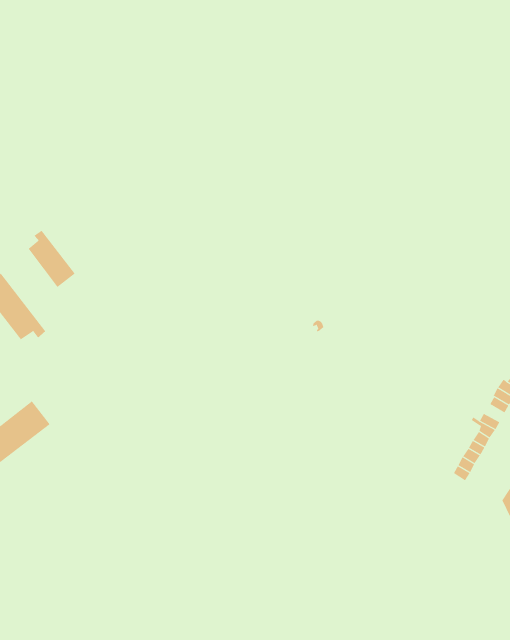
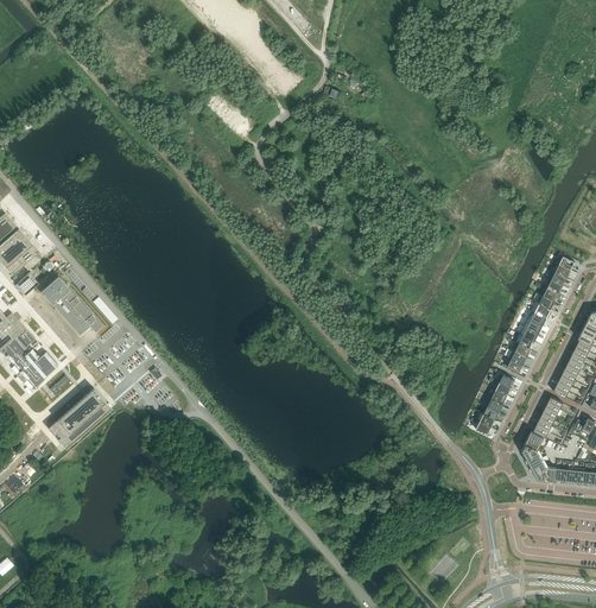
building: [28,230,75,288] -> none

